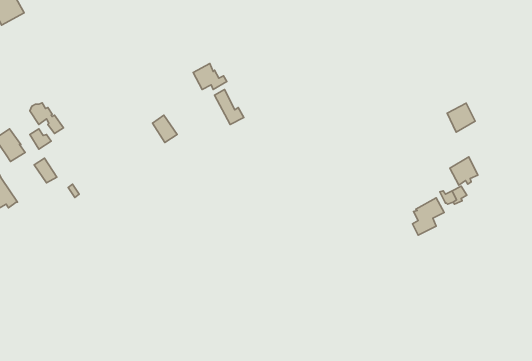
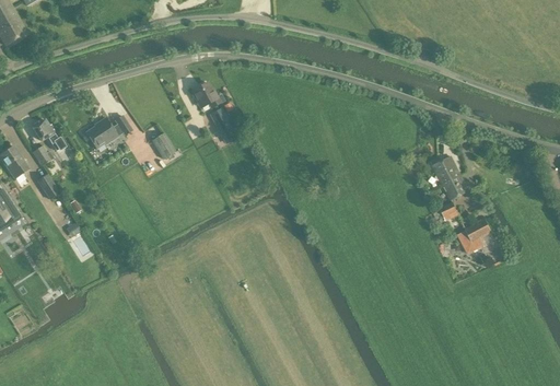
building: none -> [85,115,131,148]
building: [447,103,475,132] -> [431,155,458,184]
building: [413,198,444,235] -> [460,218,491,254]

